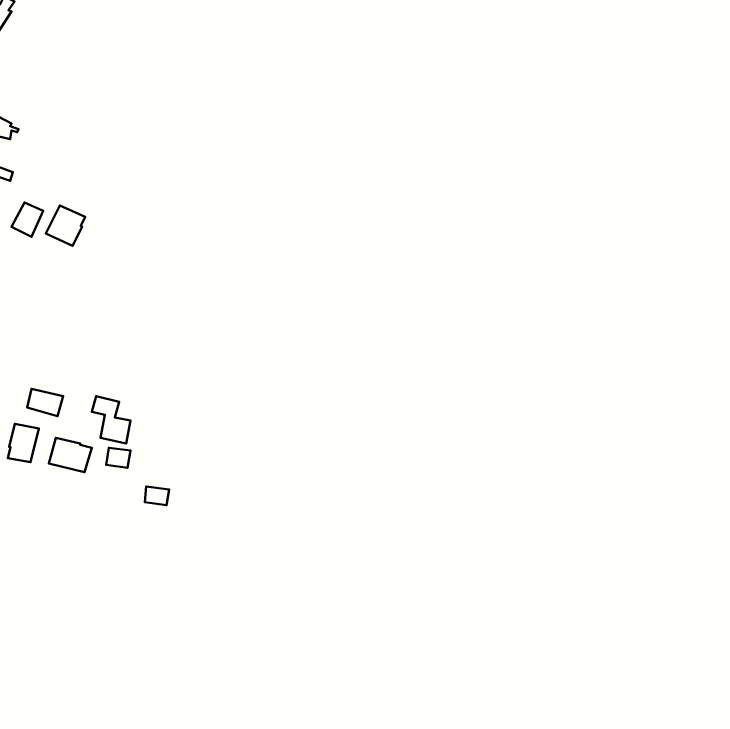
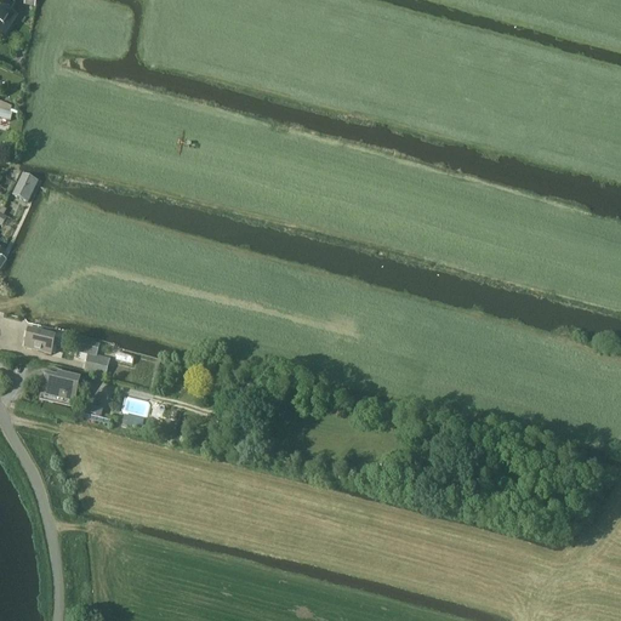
building: [46,205,85,246] -> none
building: [8,424,39,462] -> none

